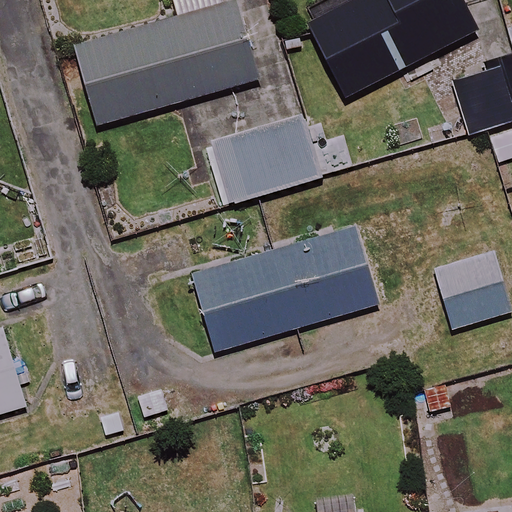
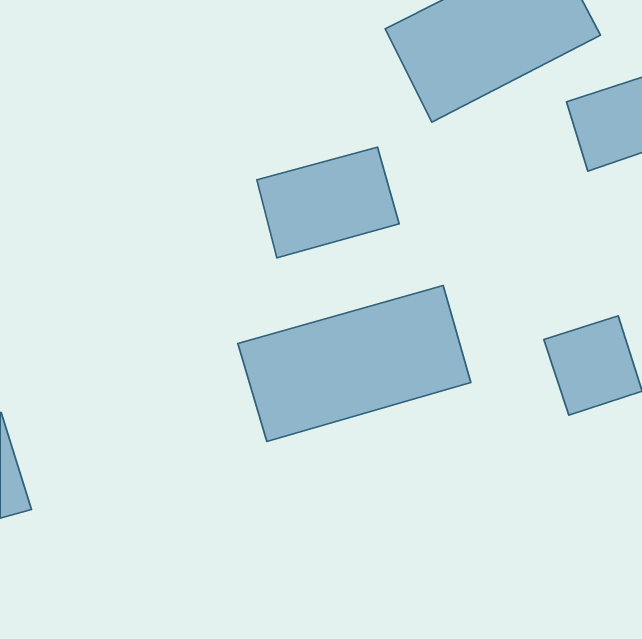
building: [76,5,256,124] -> none

